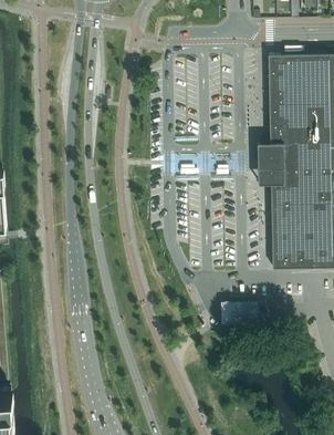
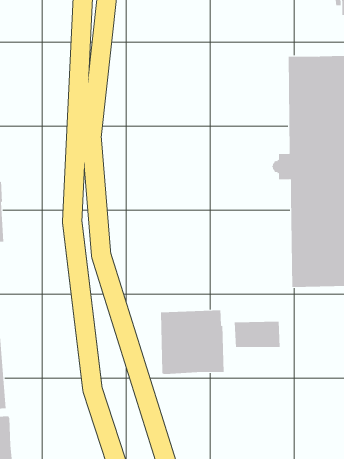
building: none -> [160,309,224,375]

